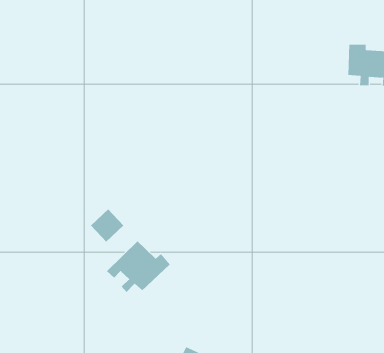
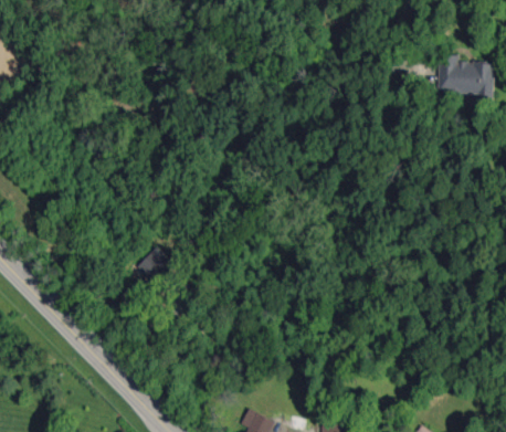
building: [106,241,171,293] -> none

